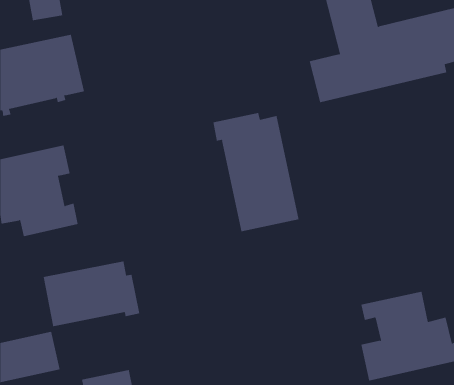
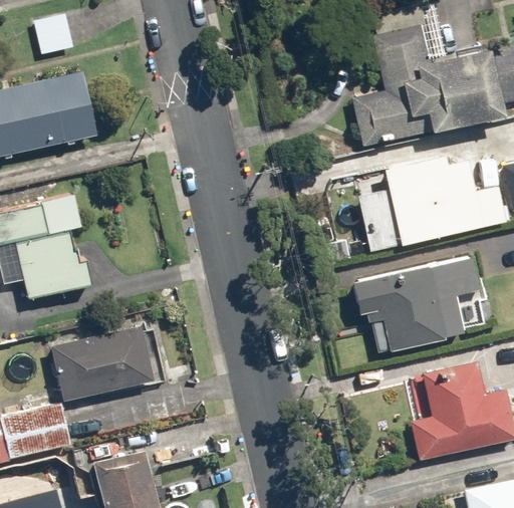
building: none -> [355,154,505,253]
building: [213,112,299,232] -> none
building: none -> [350,256,483,351]

